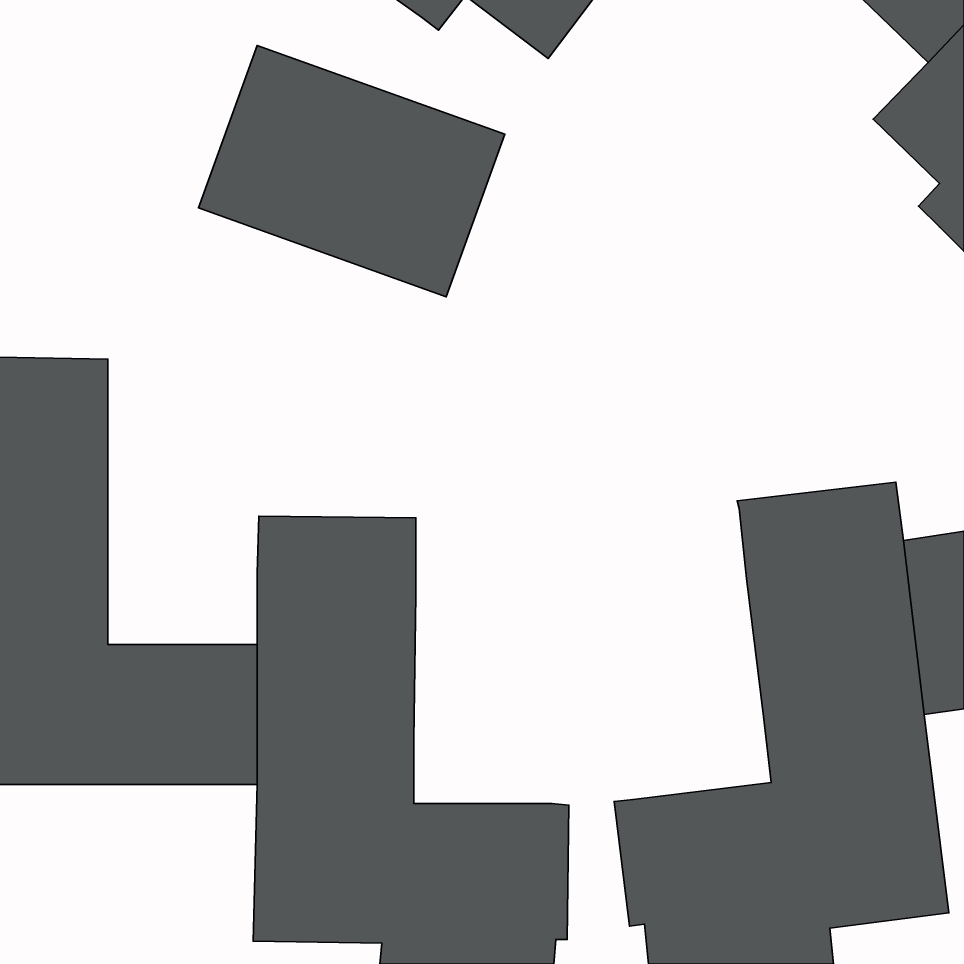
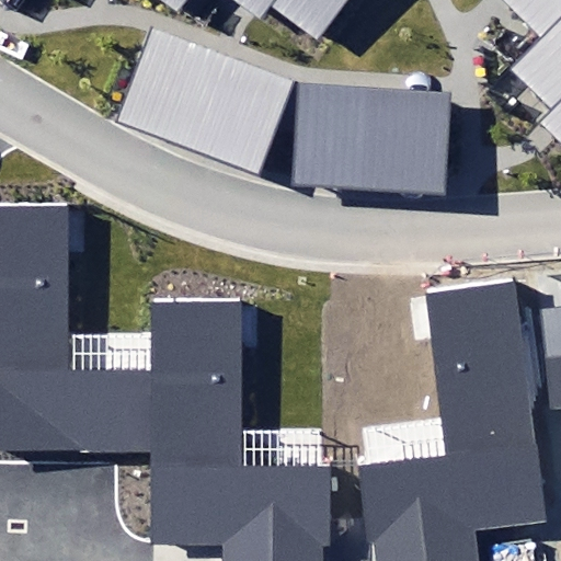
building: none -> [294,84,453,191]

